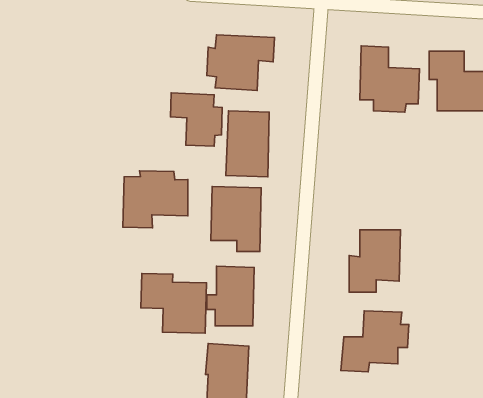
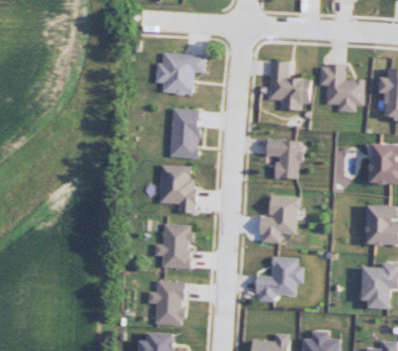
building: [170,93,222,146] -> none
building: none -> [267,140,300,179]
building: [123,171,188,228] -> none
building: [141,273,206,333] -> none

